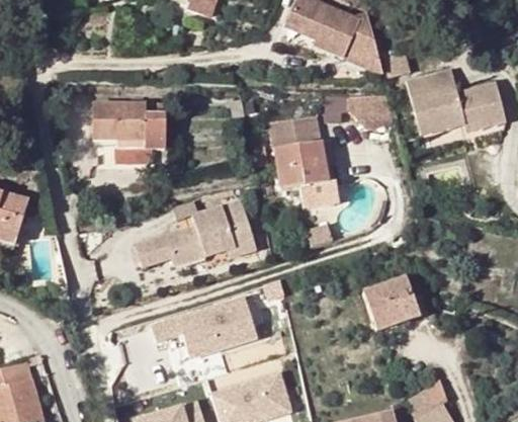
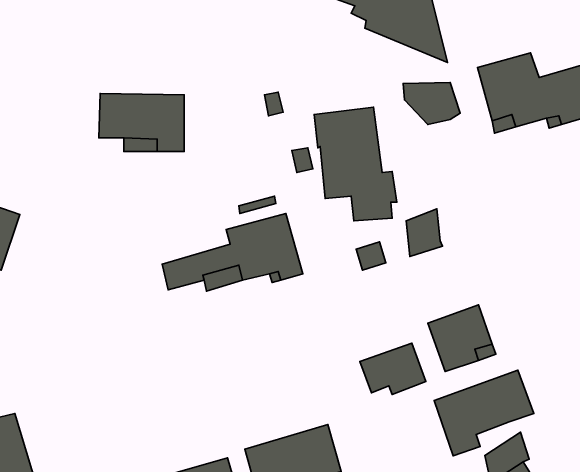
building: none -> [406,209,442,257]
building: [154,296,259,356] -> none
building: none -> [360,343,426,394]
building: none -> [434,370,534,456]

